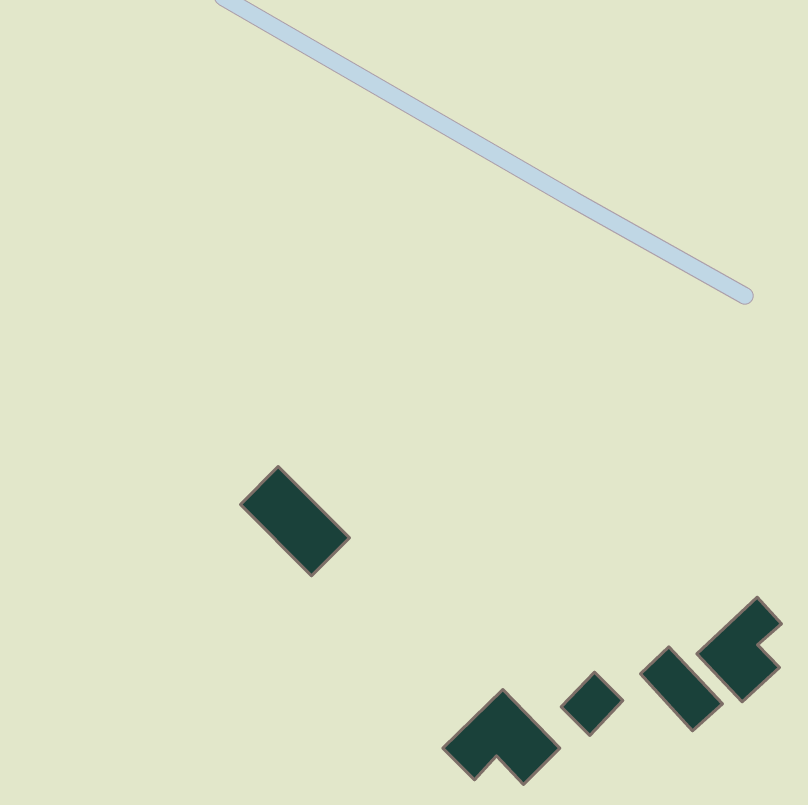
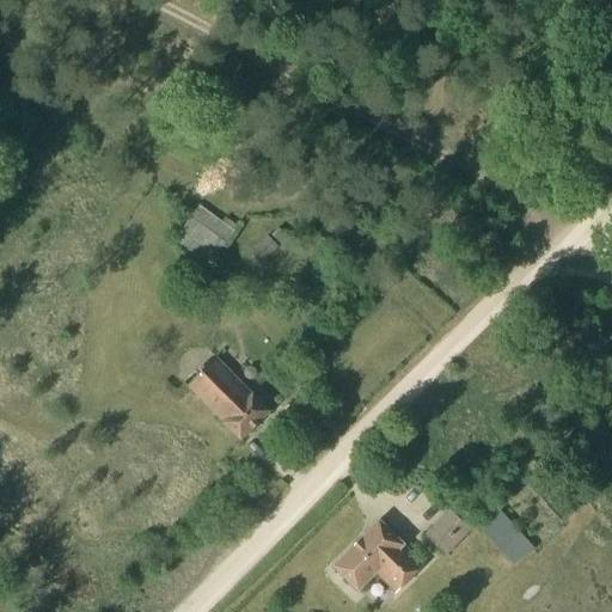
building: none -> [175,204,235,265]
building: [697,597,781,702] -> none

